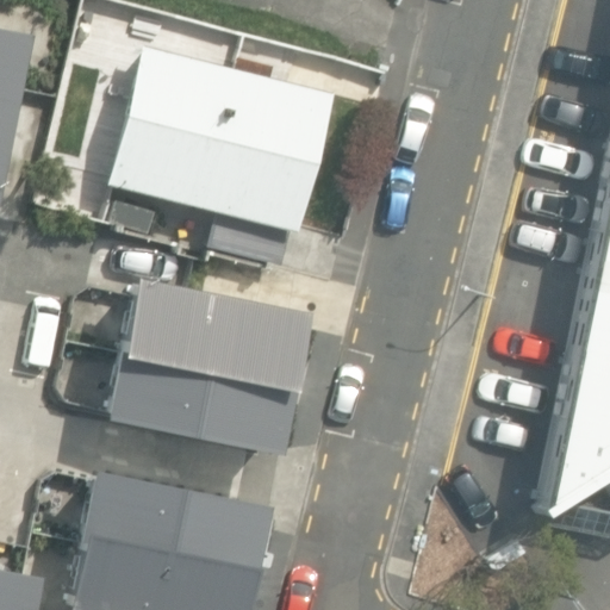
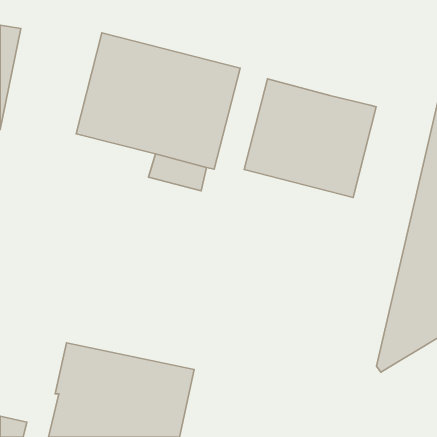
building: none -> [244,79,376,198]
building: [108,280,313,459] -> none

